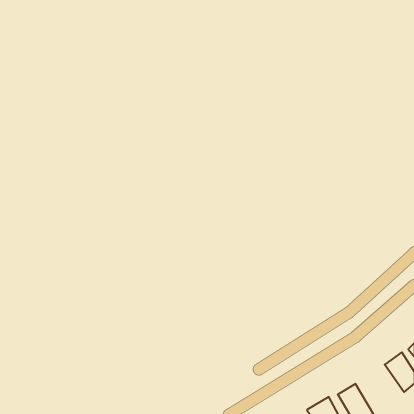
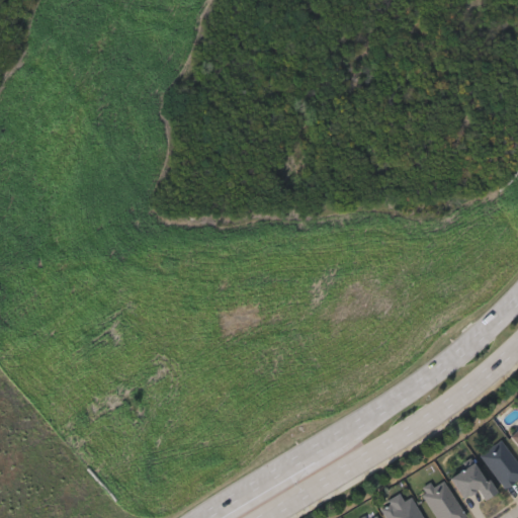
building: none -> [451,462,495,500]

